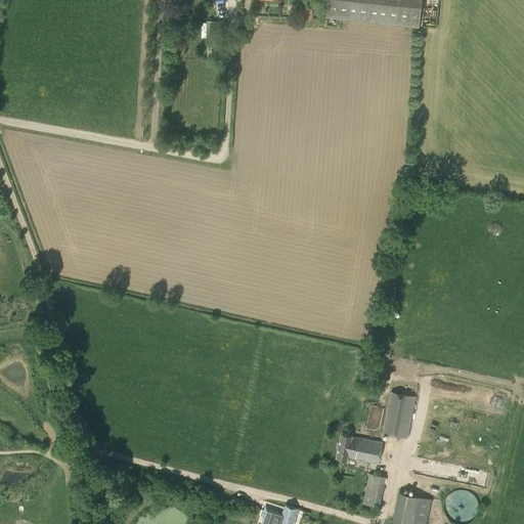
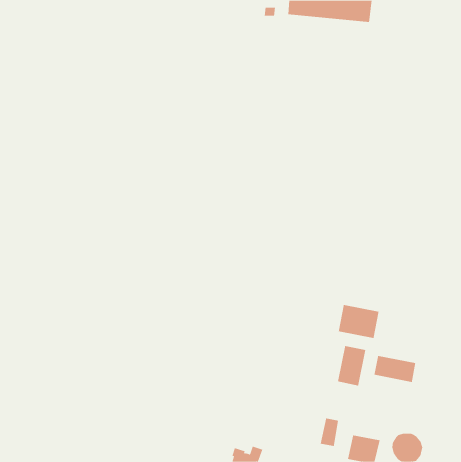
building: none -> [338,304,379,339]
building: none -> [374,355,416,383]
building: [337,432,383,462] -> none

